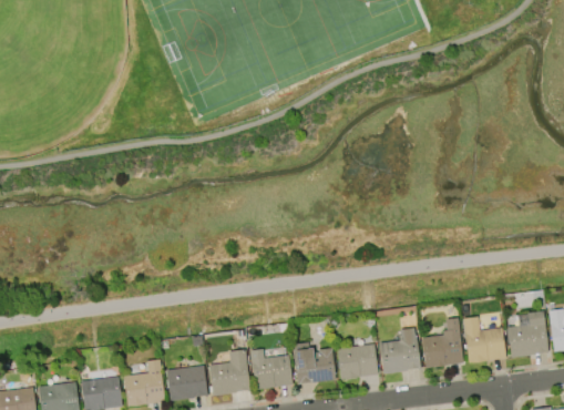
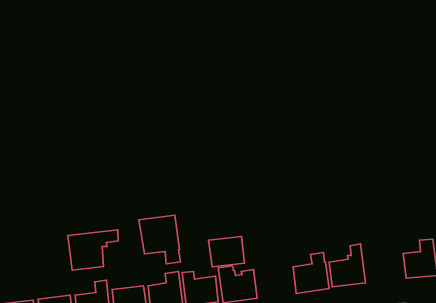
building: none -> [139,215,180,264]
building: none -> [68,230,118,270]
building: [463,317,506,363] -> none
building: [336,344,378,379] -> [208,236,244,267]

